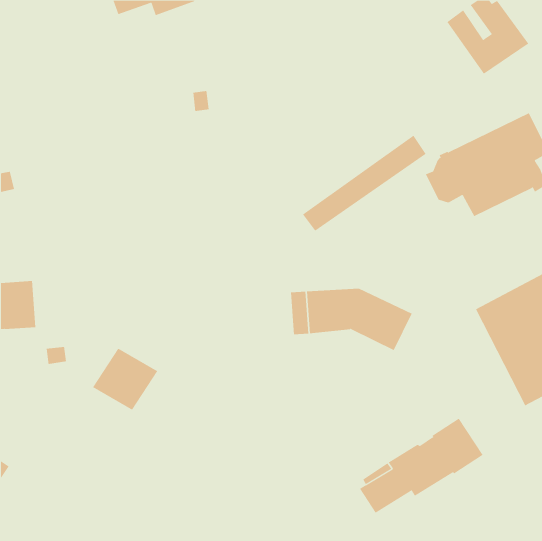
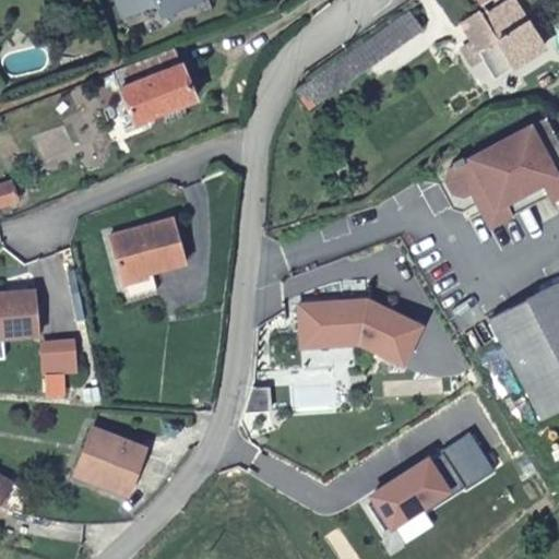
building: none -> [108,53,185,122]
building: [302,135,427,231] -> [295,11,423,110]
building: none -> [107,216,183,280]
building: [92,348,158,410] -> [70,427,138,491]

